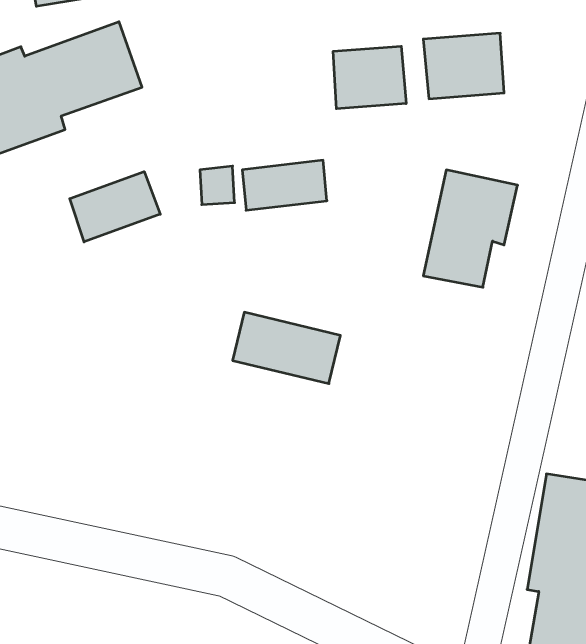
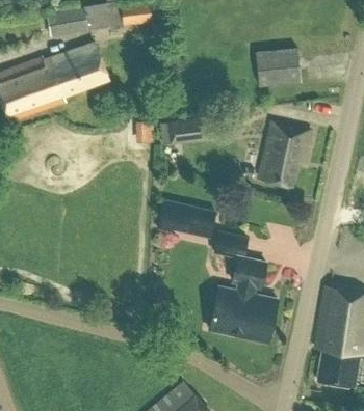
building: [333,46,406,109] -> none
building: [70,172,160,242] -> none
building: none -> [210,232,277,338]

